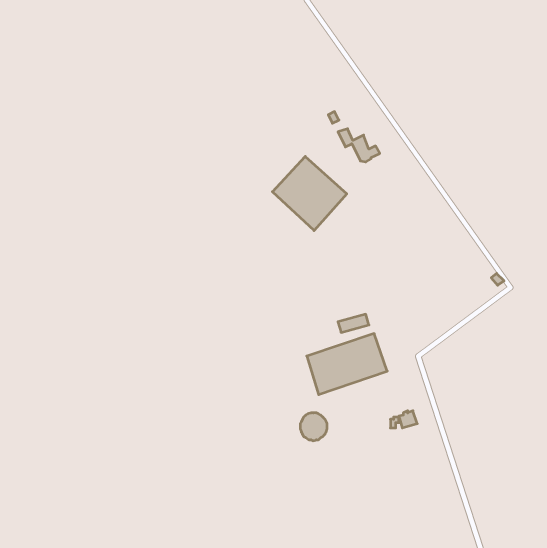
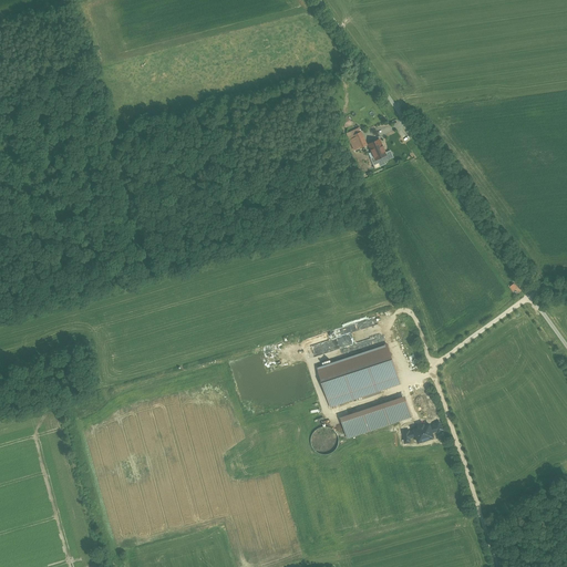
building: [272,156,347,231] -> none
building: none -> [340,396,411,437]

